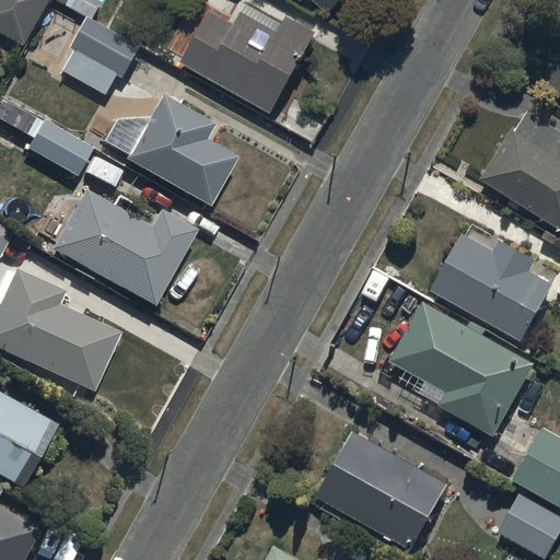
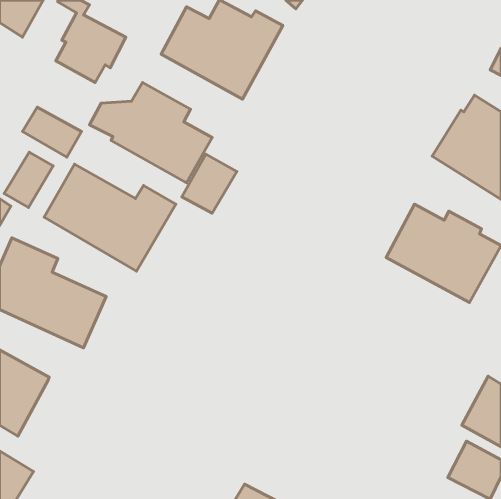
building: none -> [4,152,53,208]
building: none -> [182,154,237,213]
building: [390,300,537,435] -> none
building: [316,430,450,549] -> none

